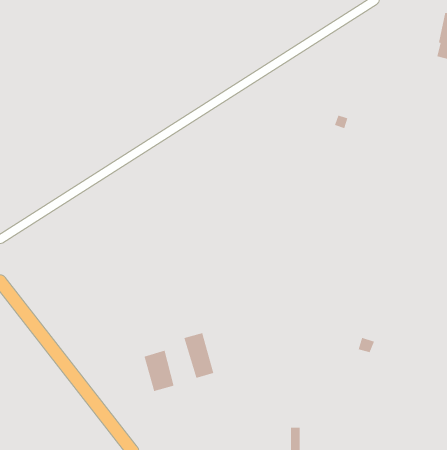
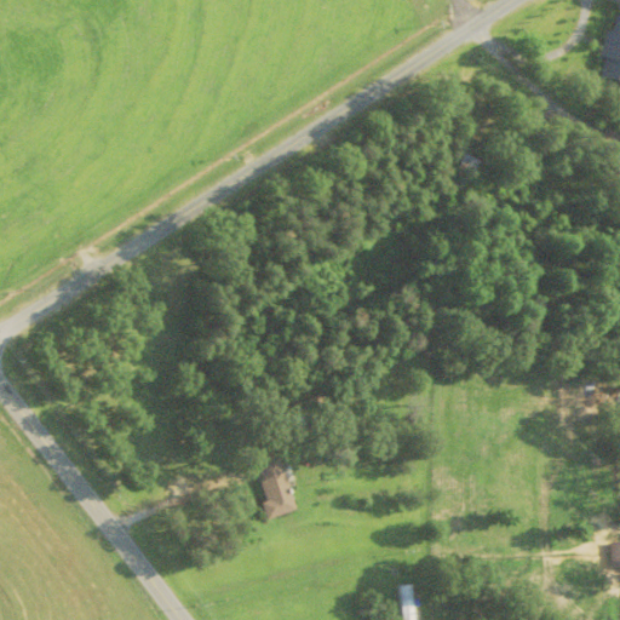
building: [144,350,174,392] -> none

